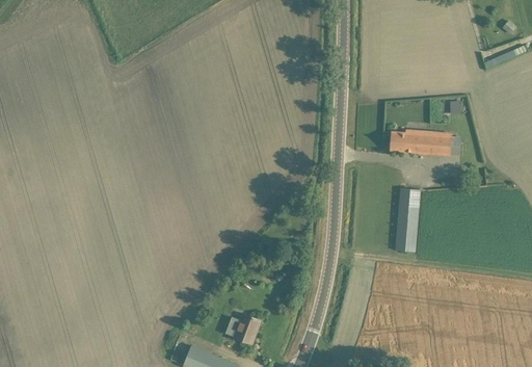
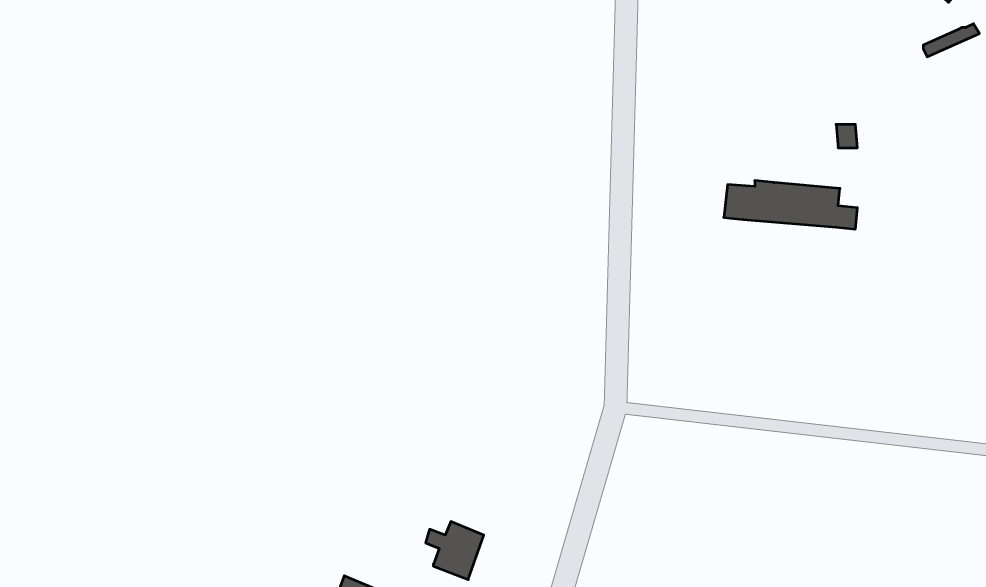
building: [395,188,420,252] -> none

